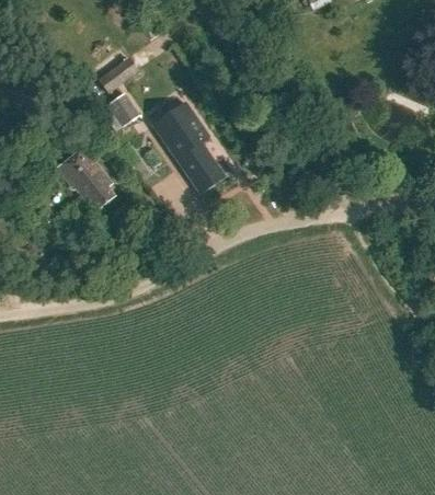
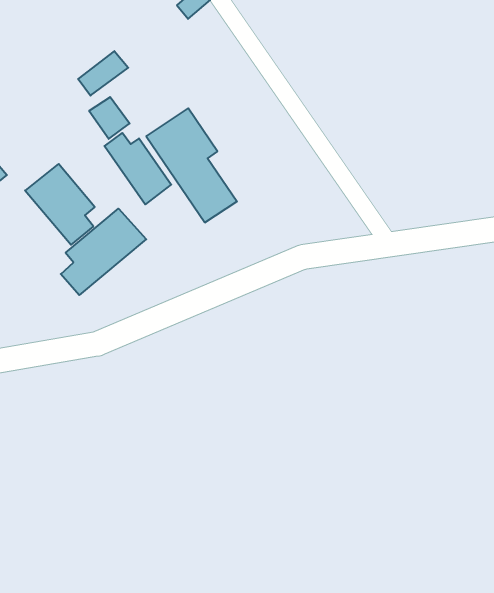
building: none -> [104,133,171,204]
building: none -> [61,209,146,295]

